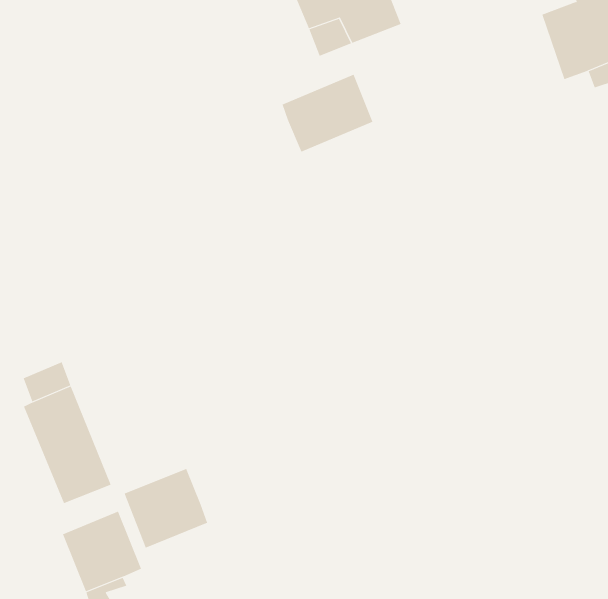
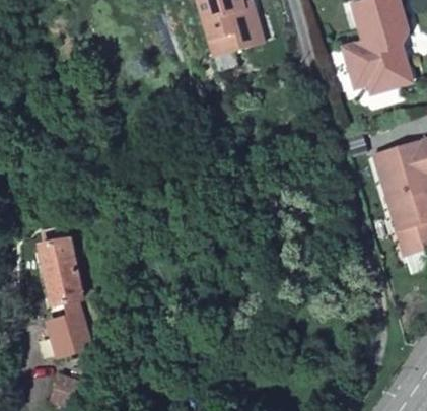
building: [282,74,373,152] -> none
building: [124,468,208,548] -> none

